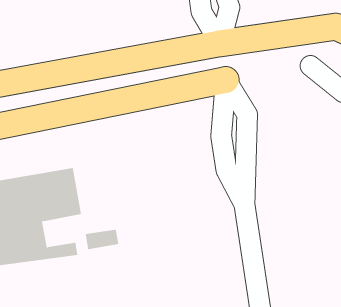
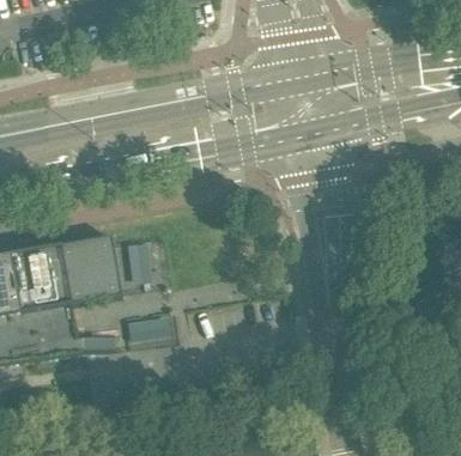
building: none -> [128,237,152,279]

